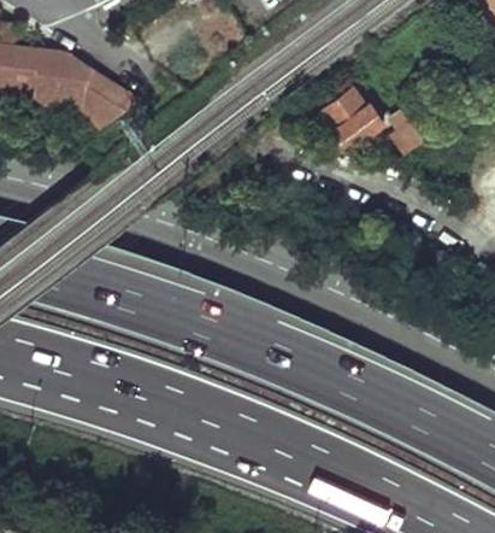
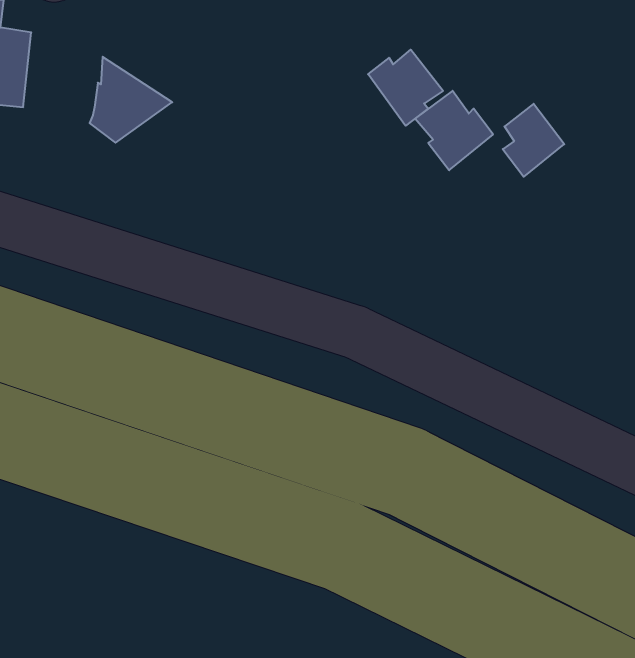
building: [30,47,89,109] -> none
building: none -> [368,50,443,126]

